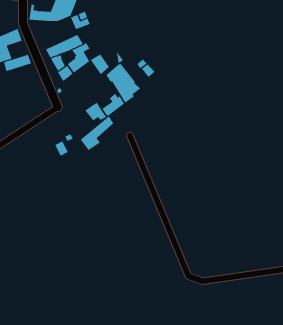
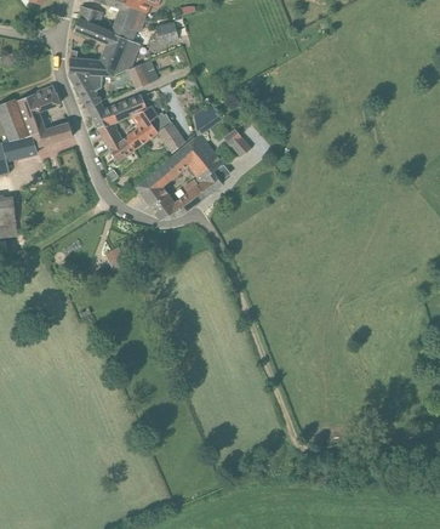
building: none -> [68,73,102,108]
building: [80,116,114,151] -> [137,153,187,204]

